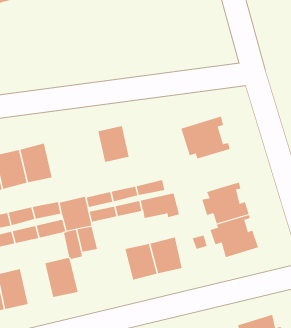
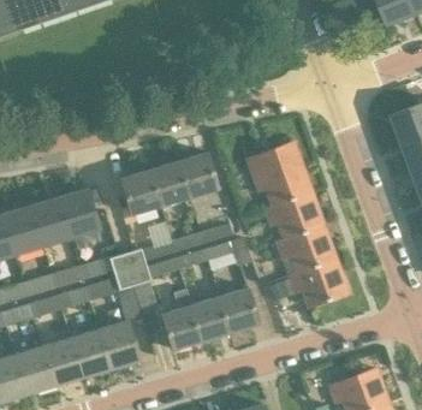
building: none -> [178,153,218,198]
building: none -> [119,171,160,216]
building: none -> [265,182,320,233]
building: none -> [161,292,202,352]
building: none -> [70,329,109,379]

